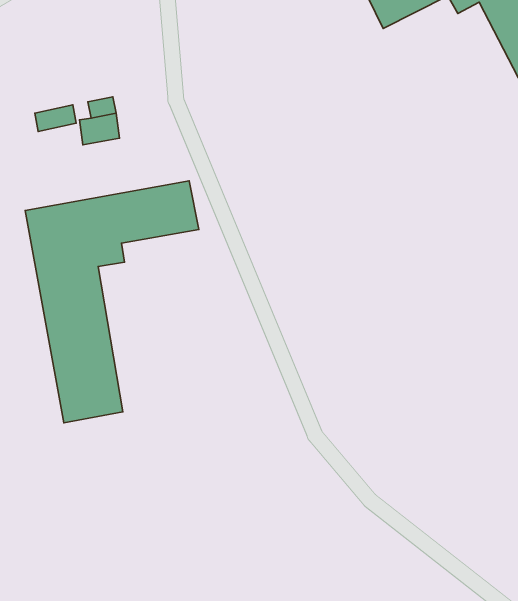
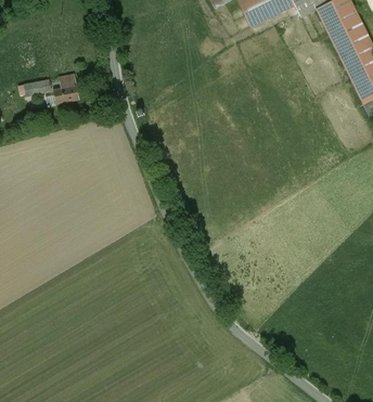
building: [25,181,199,423] -> none

